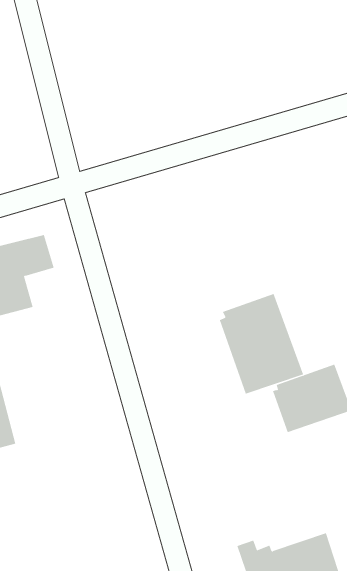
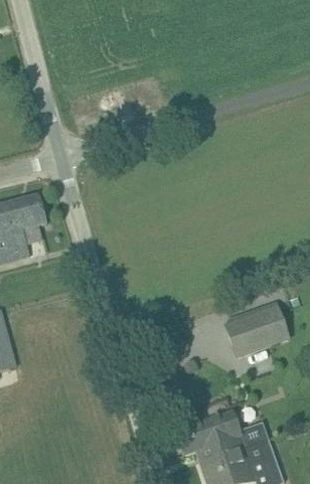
building: [219,293,304,395] -> none
building: none -> [176,413,269,455]

